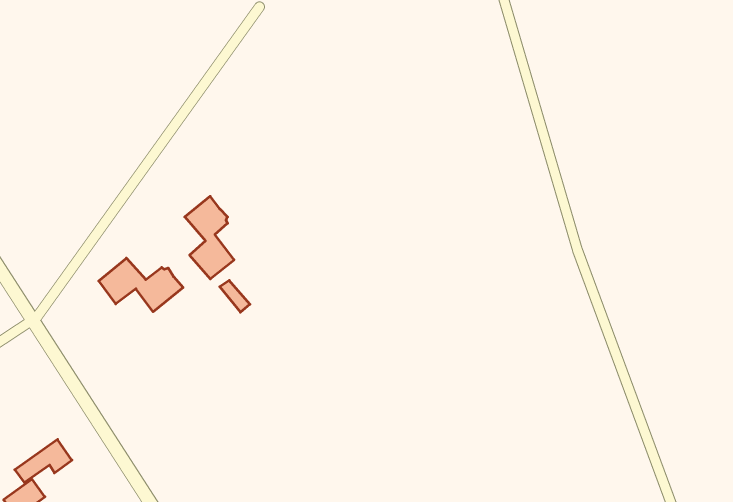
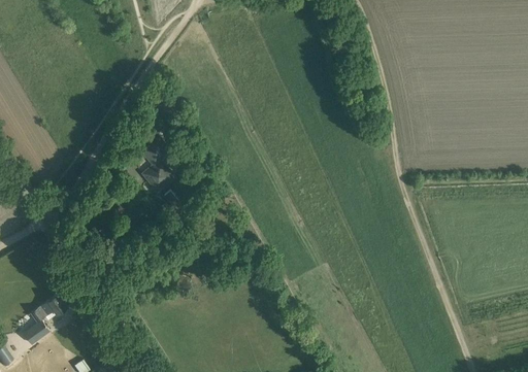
building: [99,258,183,312] -> none

